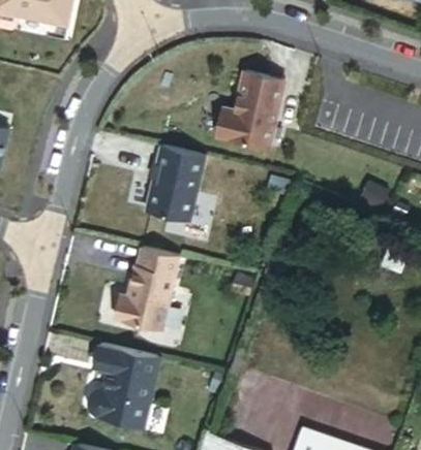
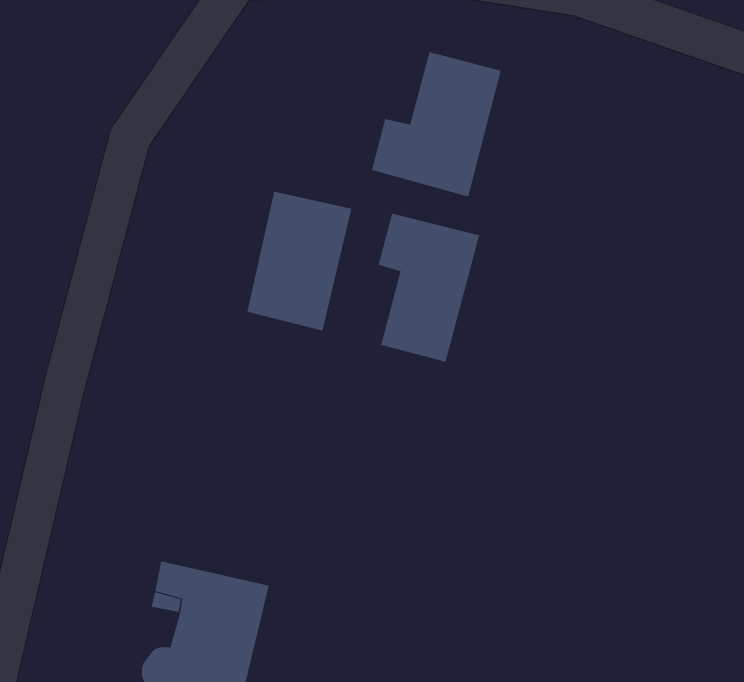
building: none -> [378,213,480,363]
building: [116,247,180,329] -> none

